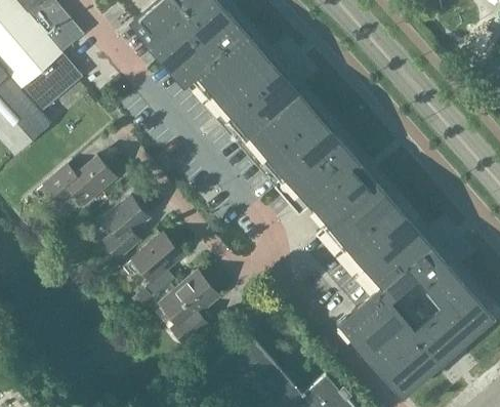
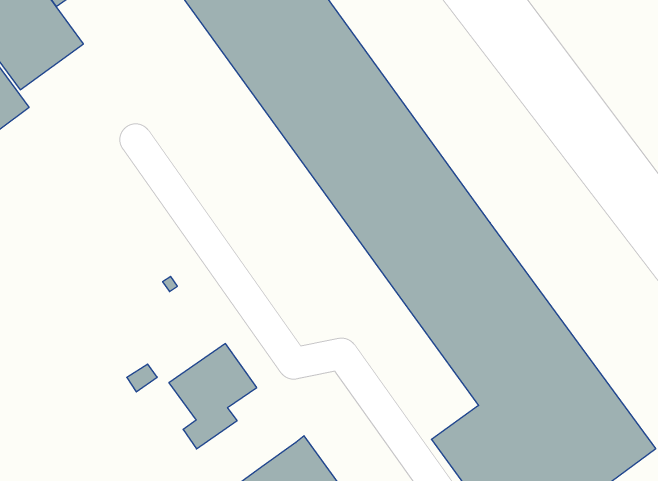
building: [45,154,118,203] -> none
building: [105,195,151,256] -> none
building: [133,232,184,295] -> none

